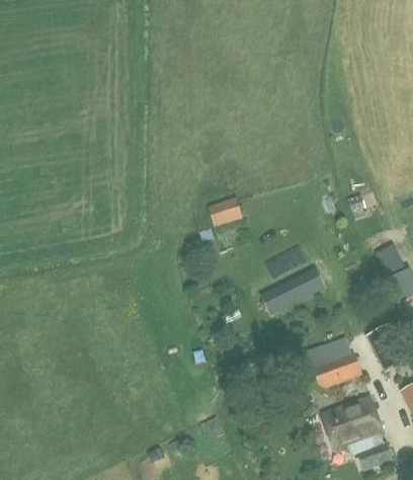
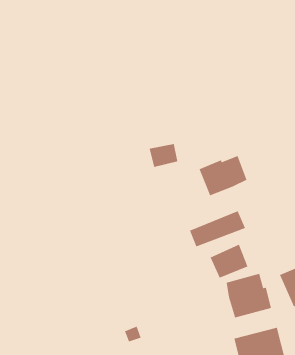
building: none -> [199,155,247,196]
building: none -> [210,244,248,278]

